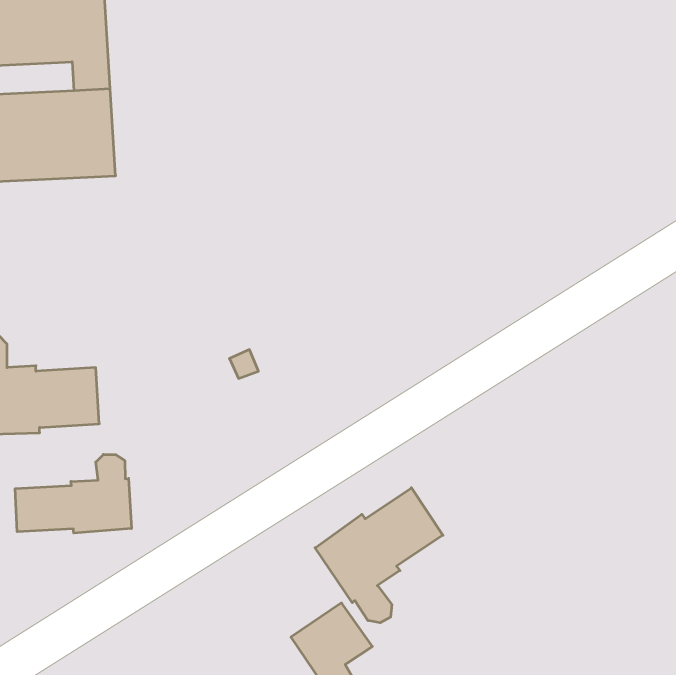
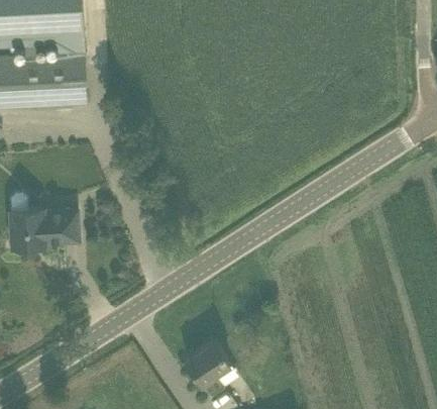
building: [15,454,131,533] -> none
building: [315,488,443,623] -> none

